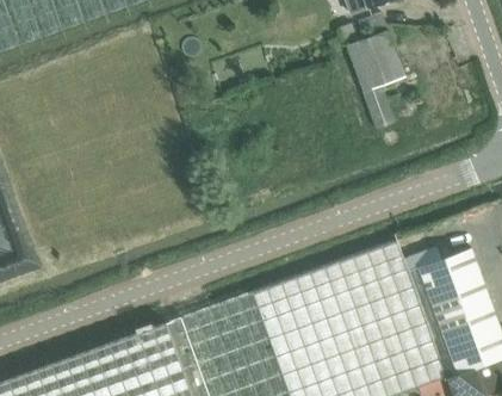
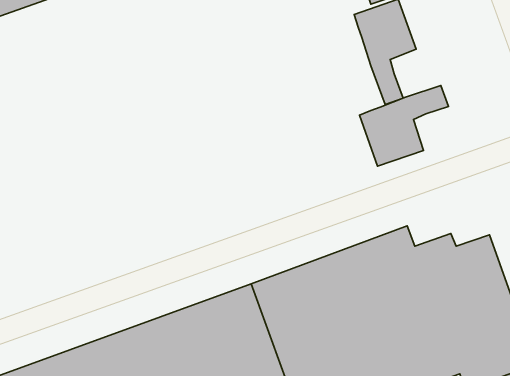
building: none -> [359,85,448,166]

